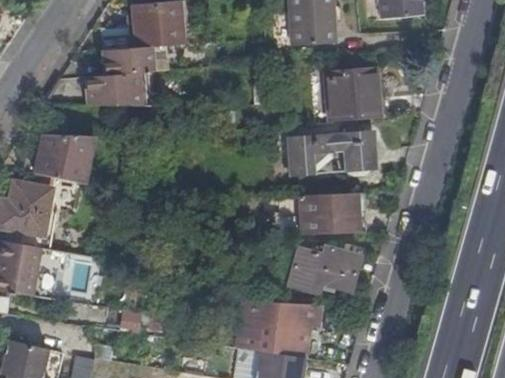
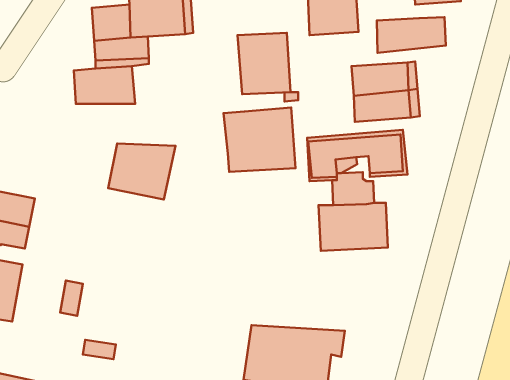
building: none -> [377,17,446,53]
building: none -> [237,33,290,94]
building: none -> [223,108,296,172]
building: [33,134,92,183] -> [108,144,175,200]
building: [287,244,361,293] -> none

